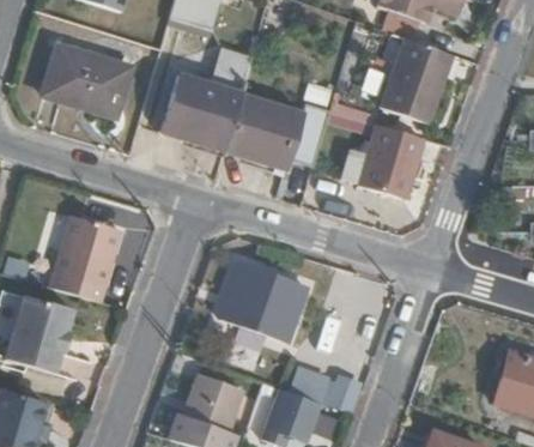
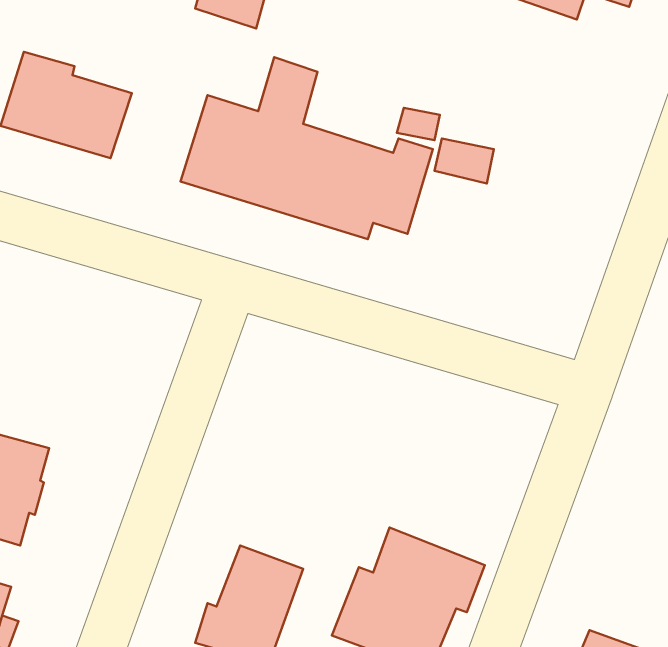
building: [380,37,450,123] -> none
building: [340,122,423,199] -> none
building: [54,213,122,301] -> none
building: [217,266,302,345] -> none

